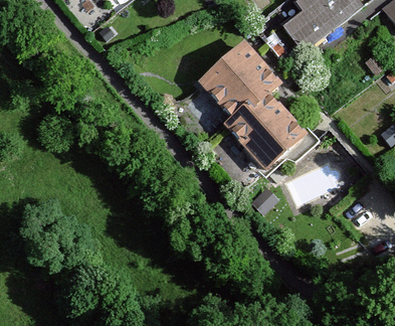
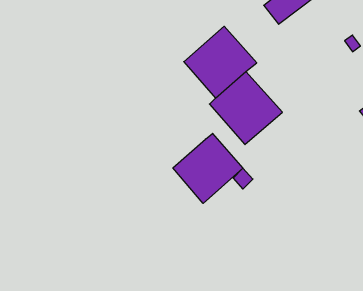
building: none -> [173,133,243,203]

